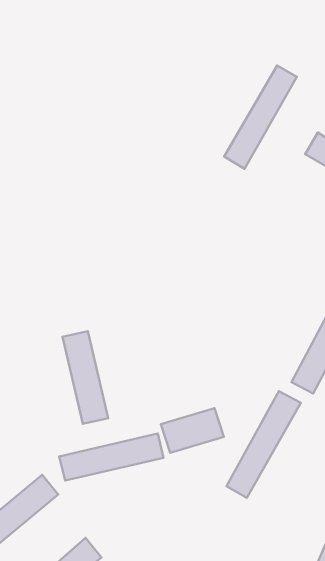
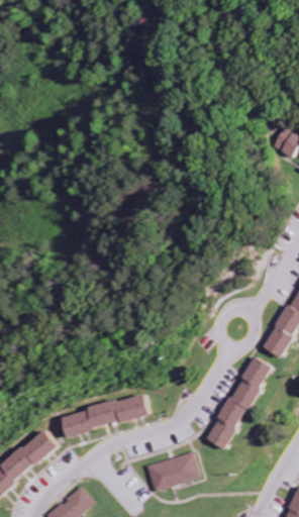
building: [224,66,297,169] -> none
building: [63,331,108,424] -> none
building: [161,408,224,453] -> [145,452,201,492]

